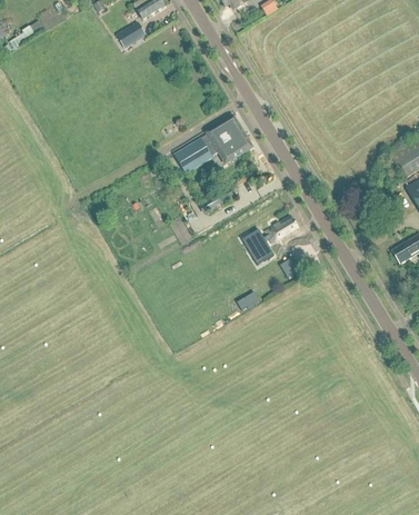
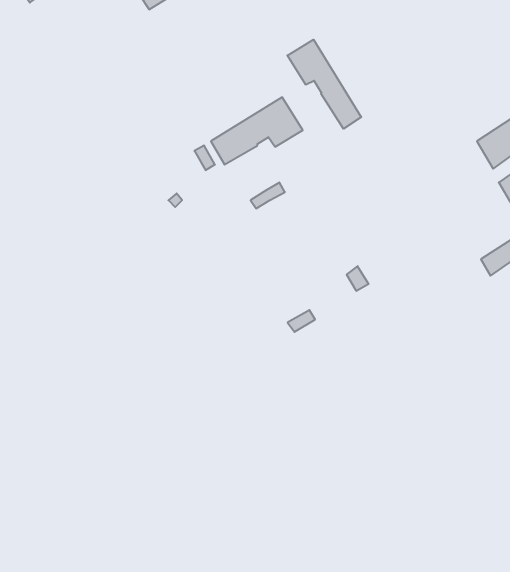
building: none -> [287,40,361,129]
building: [242,214,299,260] -> none

